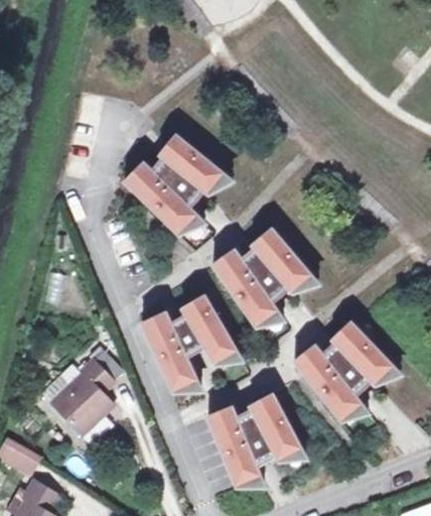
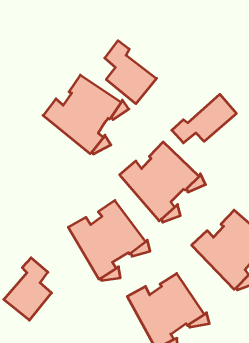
building: none -> [105,41,157,104]
building: none -> [172,94,236,143]

